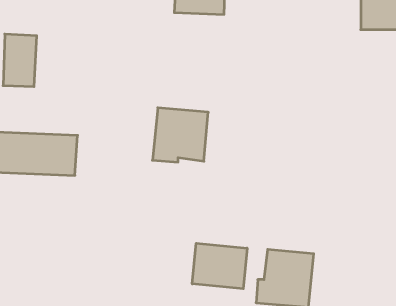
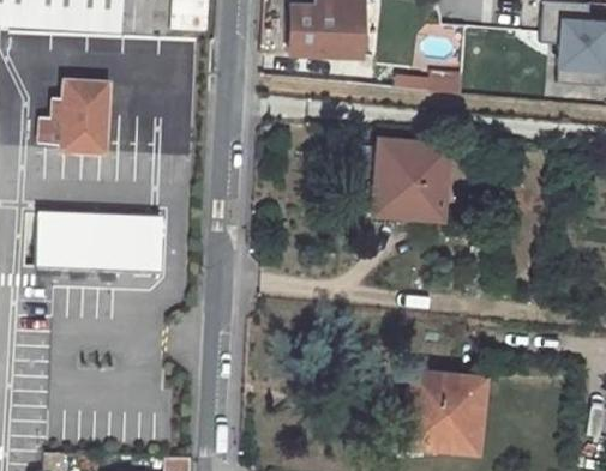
building: [152,108,208,162] -> [373,140,449,213]
building: [192,243,247,289] -> none

